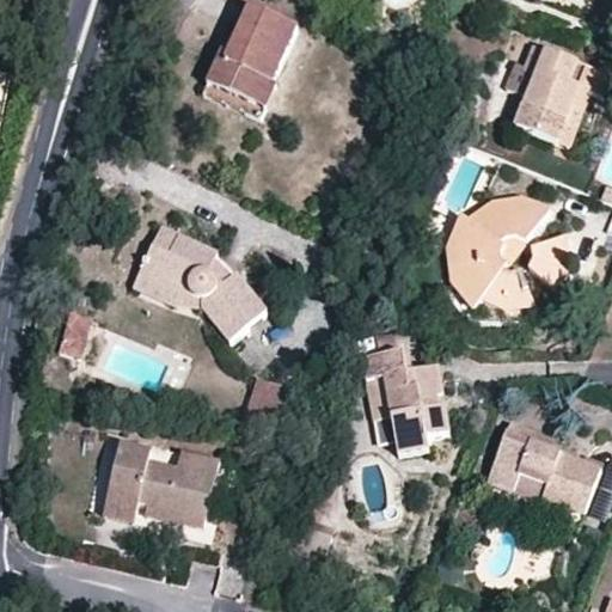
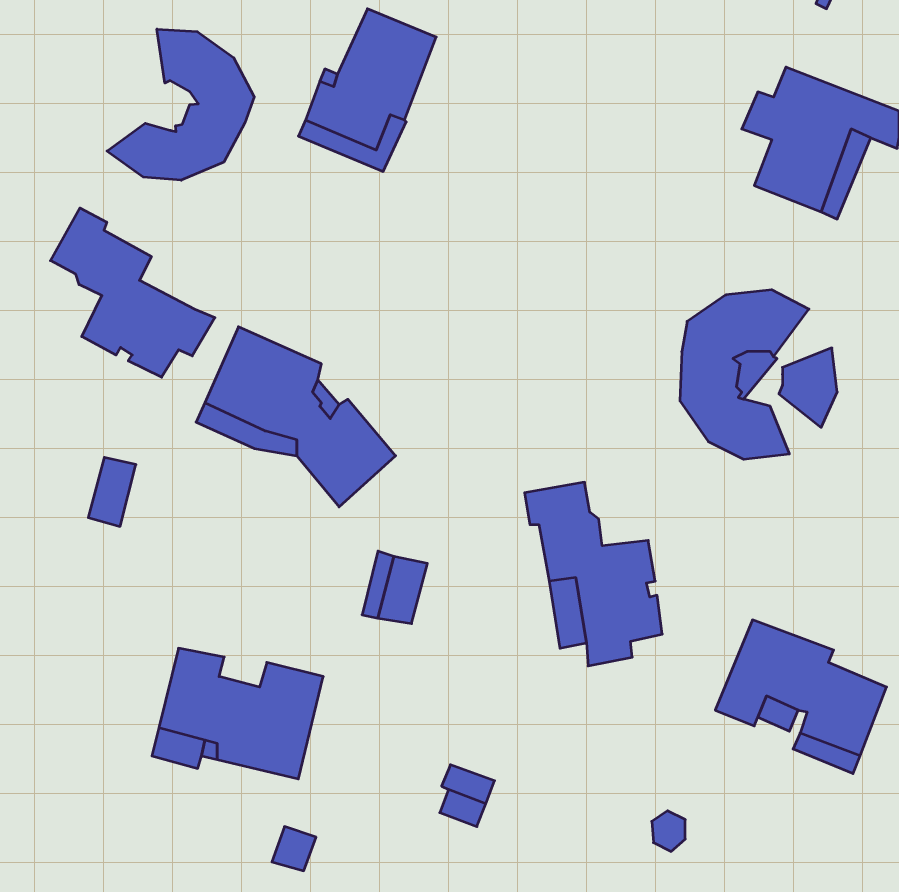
building: none -> [107,29,254,180]
building: none -> [50,208,215,377]
building: [446,214,479,310] -> none

